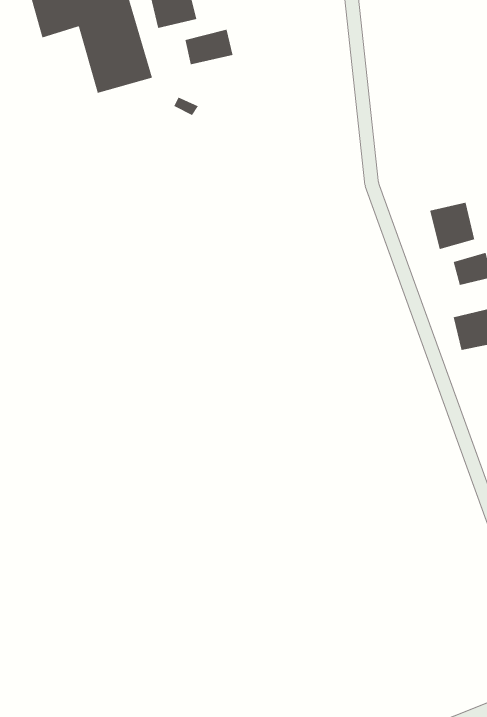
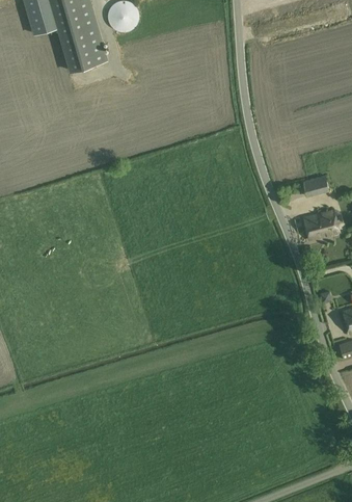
building: [185,29,233,65] -> none
building: [430,202,475,250] -> none

